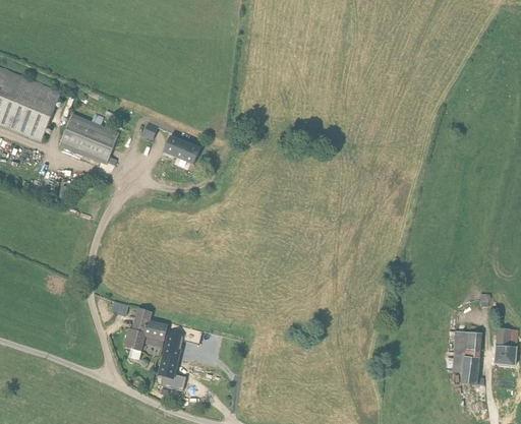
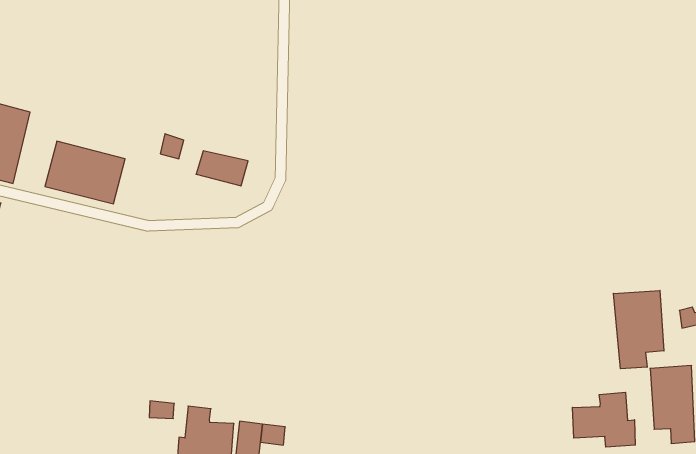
building: none -> [613,290,664,369]
building: none -> [572,392,635,447]

